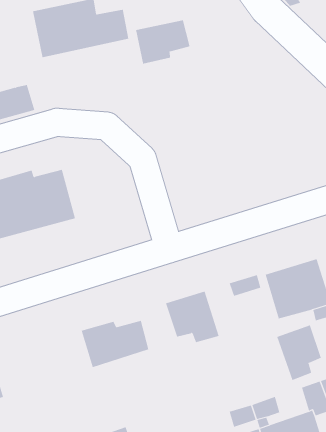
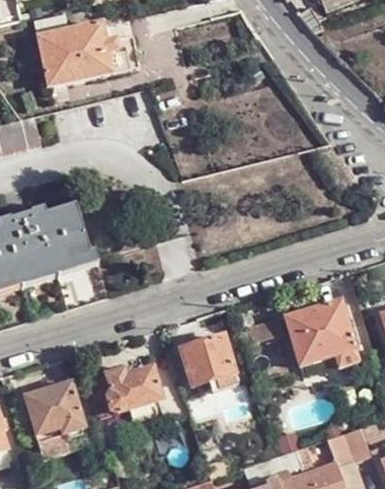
building: [135,20,190,65] -> none
building: [276,324,322,381] -> none
building: none -> [23,383,84,459]

